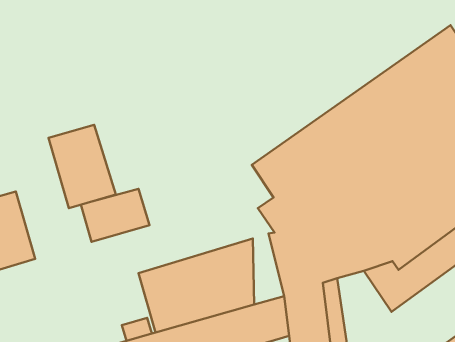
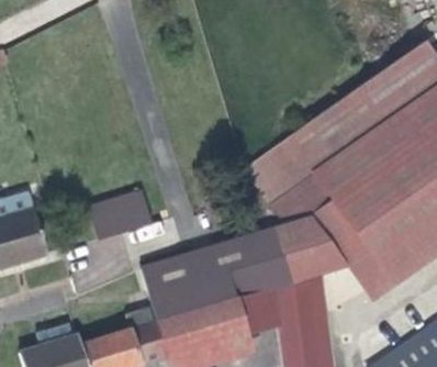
building: [48,125,116,208] -> none
building: none -> [246,231,274,296]

